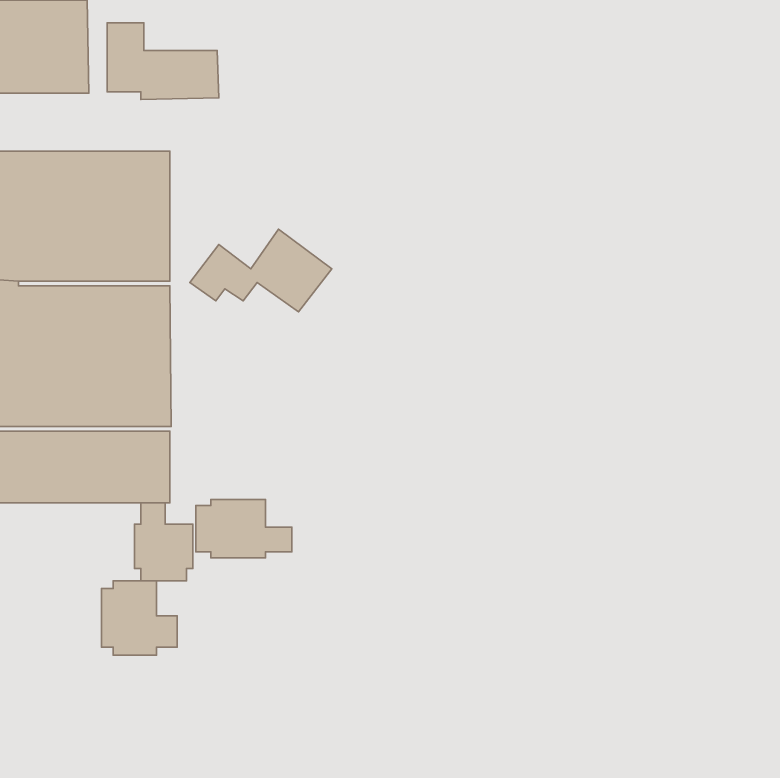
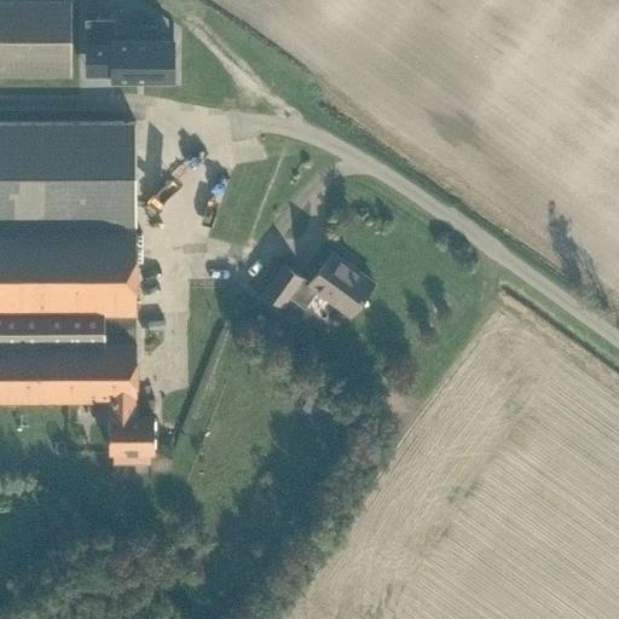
building: [190,229,332,312] -> [261,253,374,318]
building: [196,499,292,558] -> none
building: [101,581,177,655] -> none

